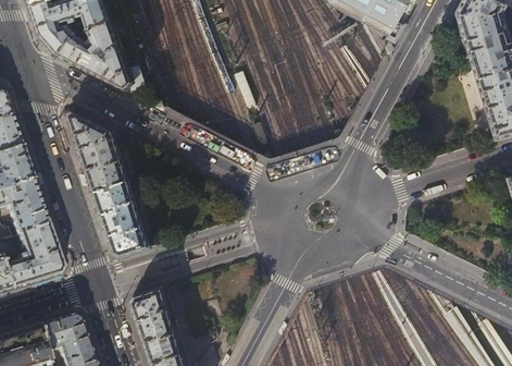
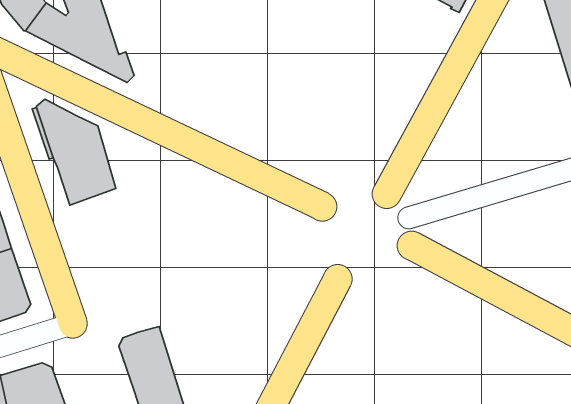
building: [92,175,150,254] -> none

